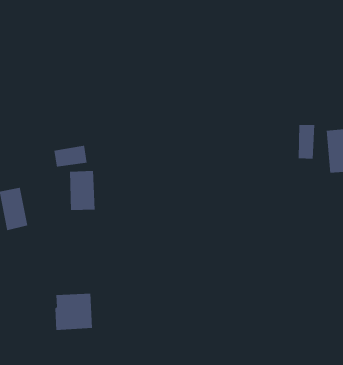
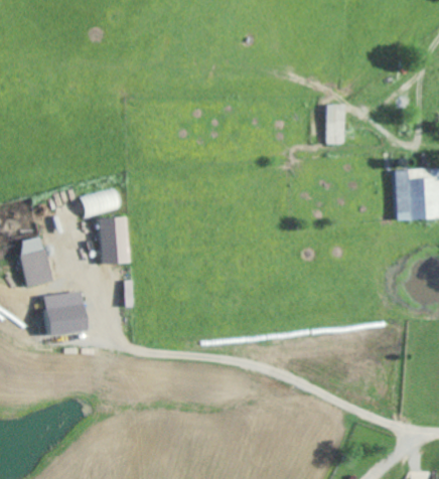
building: [298,124,315,159] -> [326,104,346,144]
building: [54,293,93,331] -> [42,292,87,335]

